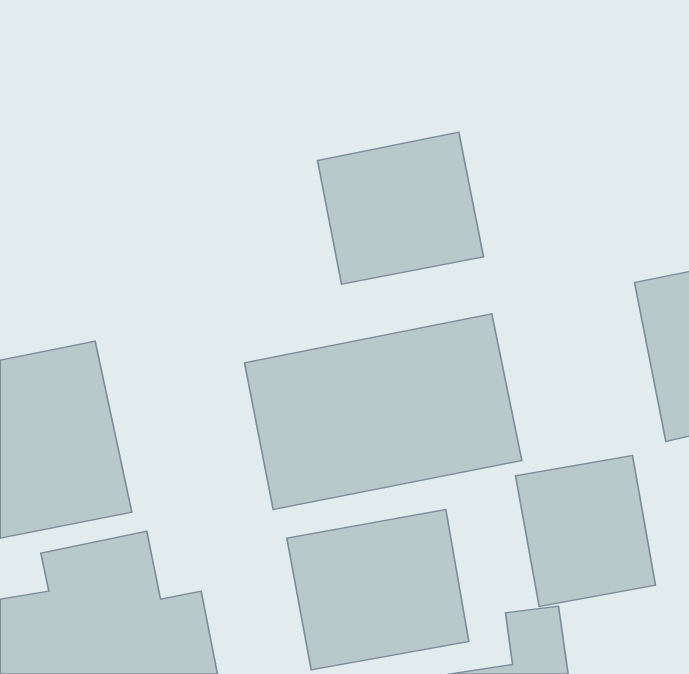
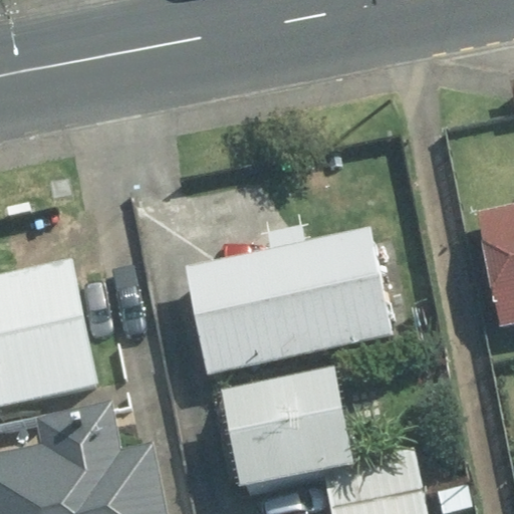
building: [317,132,484,284] -> none
building: [516,456,655,607] -> none

